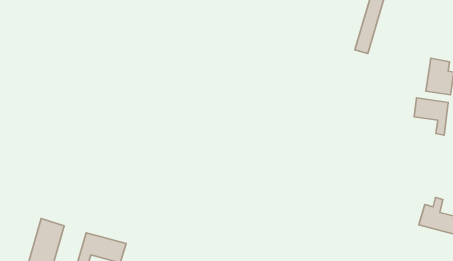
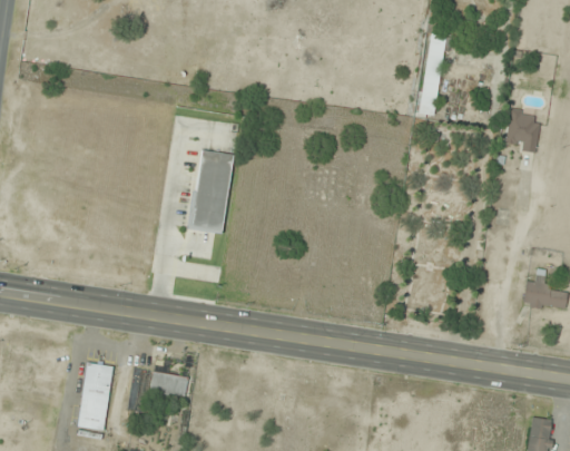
building: none -> [189,148,233,233]
building: [414,98,448,135] -> none

